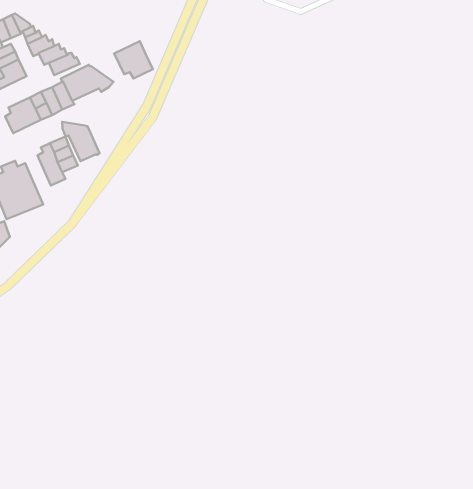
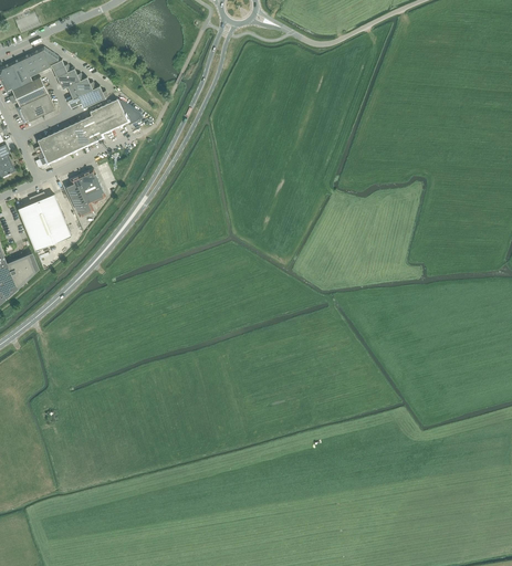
building: [114,41,153,79] -> none
building: [62,122,99,161] -> none

